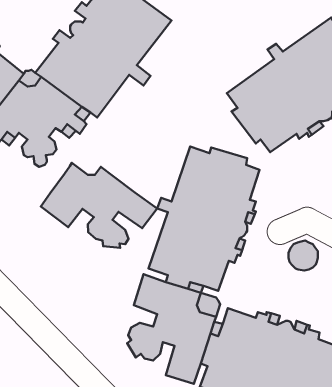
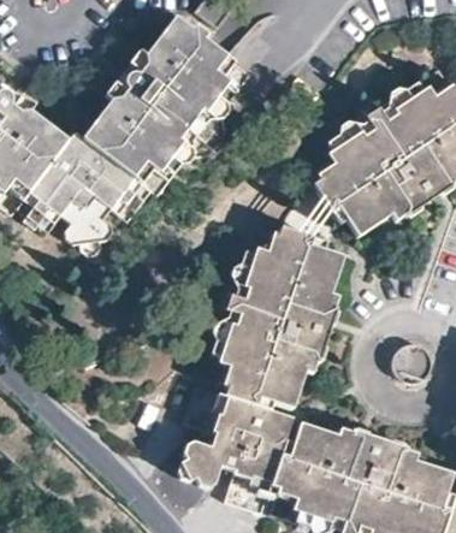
building: [41,163,157,248] -> none

